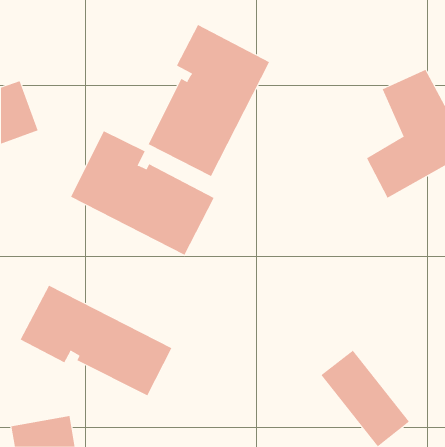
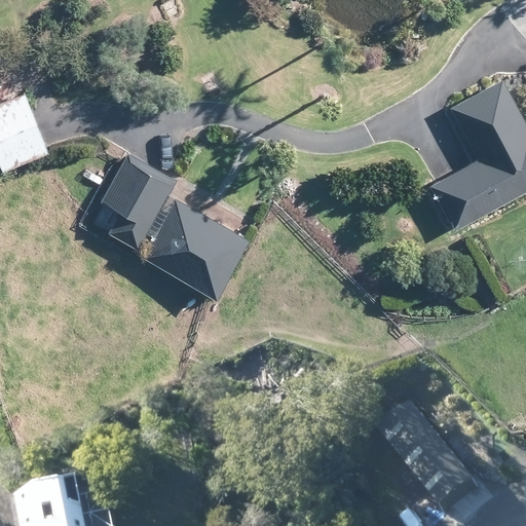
building: [148,24,270,177] -> none
building: [20,285,172,396] -> none

